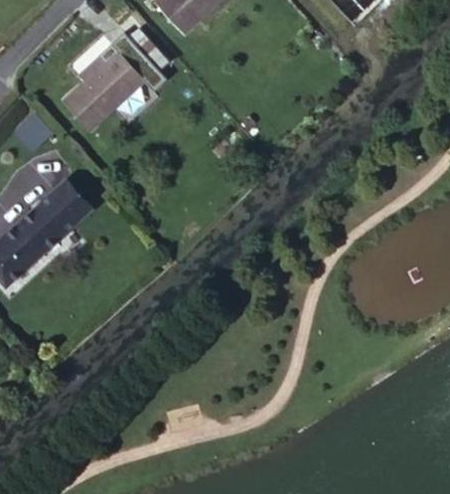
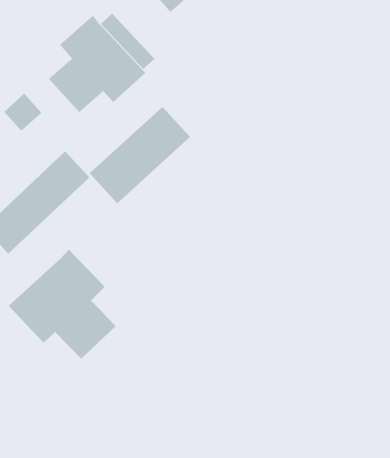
building: none -> [89,106,191,204]
building: none -> [8,249,117,359]

